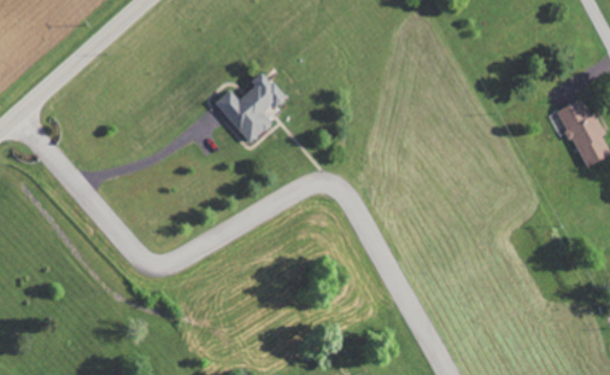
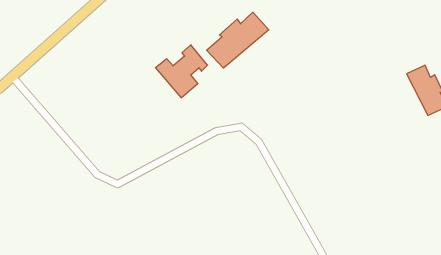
building: none -> [207,12,269,68]

